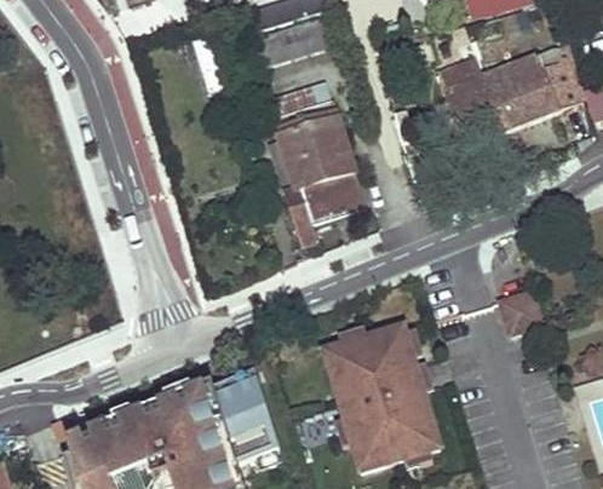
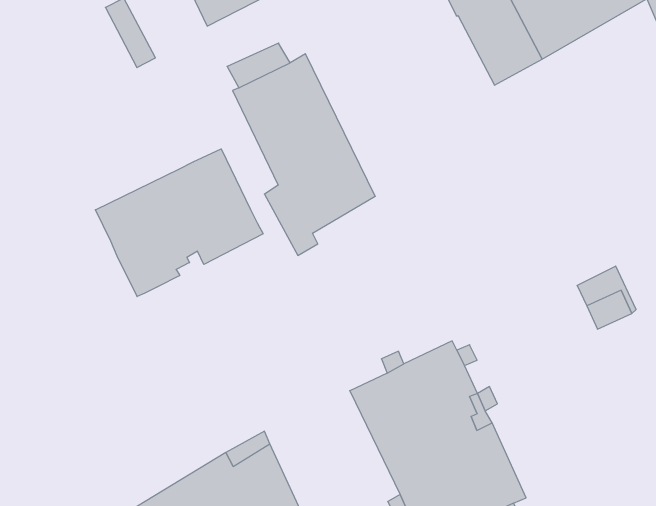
building: none -> [95,149,263,297]

